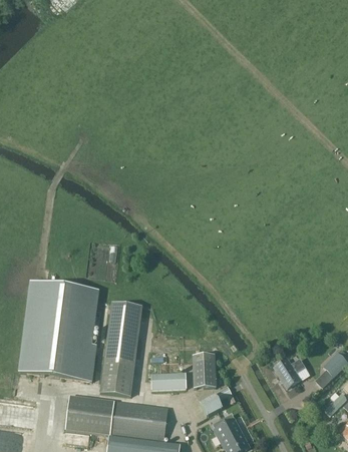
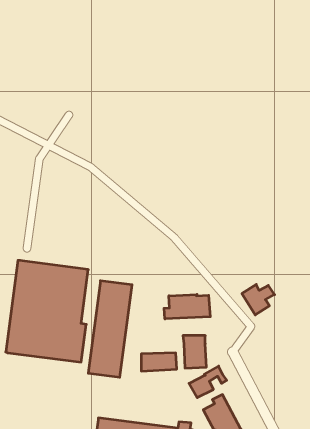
building: none -> [164,294,210,319]
building: [274,357,306,387] -> [242,284,275,315]
building: [65,394,168,440] -> none

